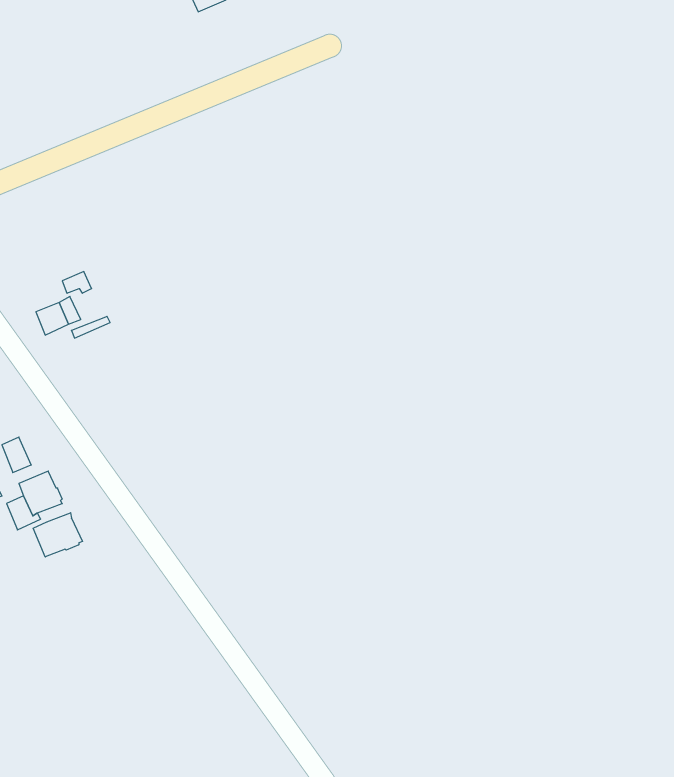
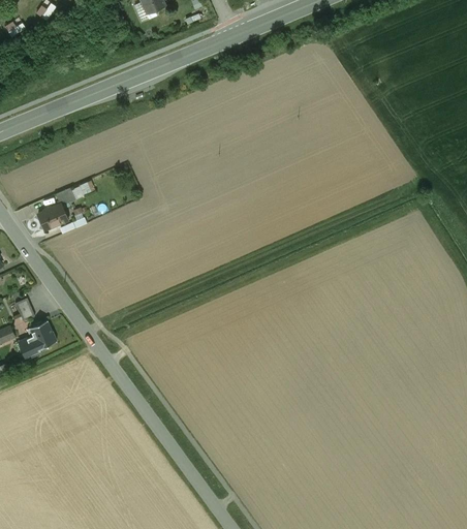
building: [33,513,83,557] -> none

